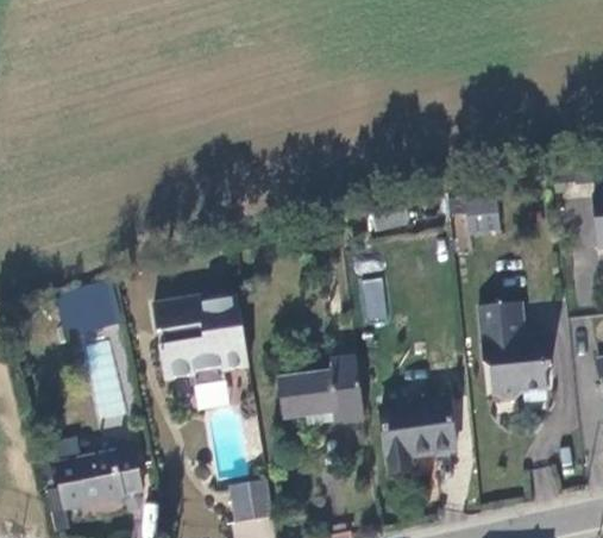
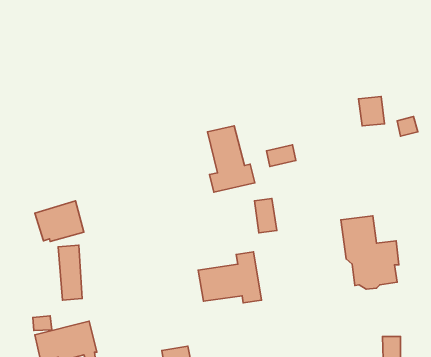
building: none -> [208,126,255,192]
building: [467,195,503,236] -> [359,96,385,126]
building: [152,296,249,387] -> none
building: [376,399,454,471] -> none

